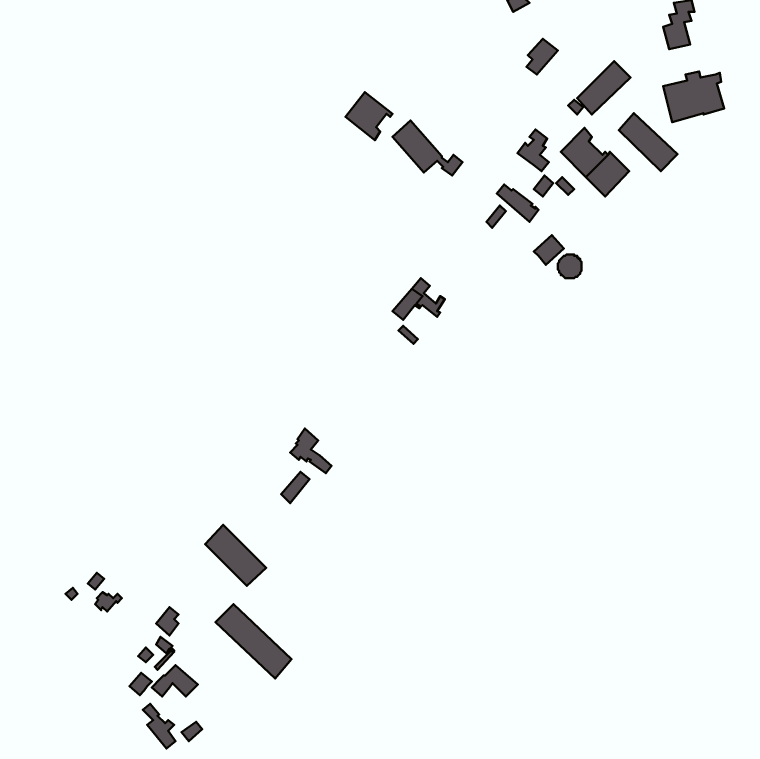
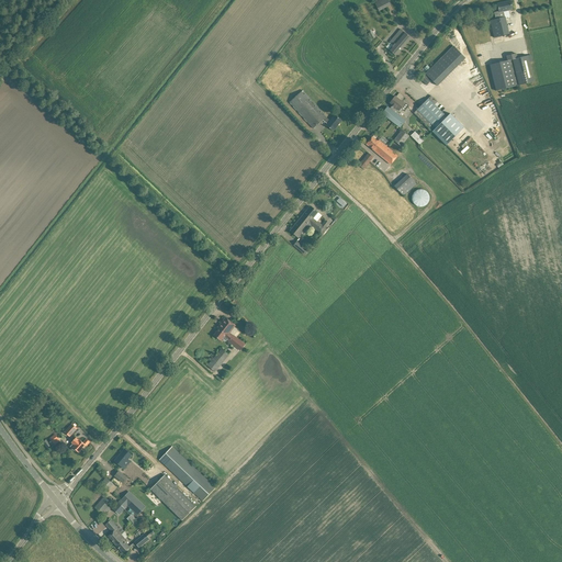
building: [345,92,393,140] -> none
building: [619,113,677,171] -> none
building: [205,525,266,586] -> [151,474,196,519]

